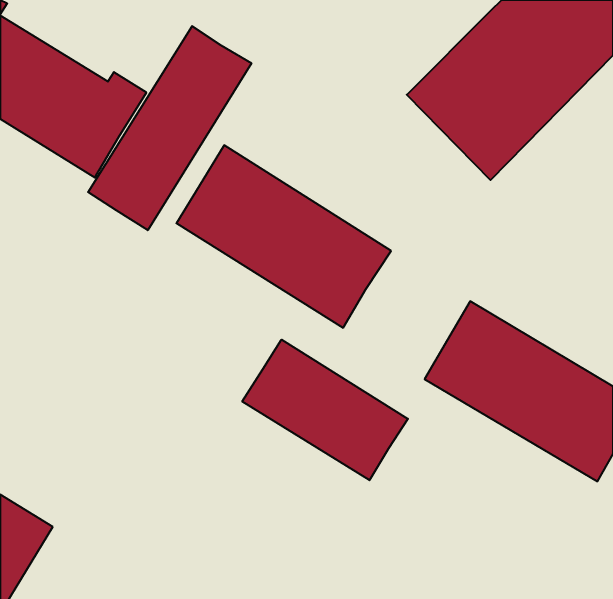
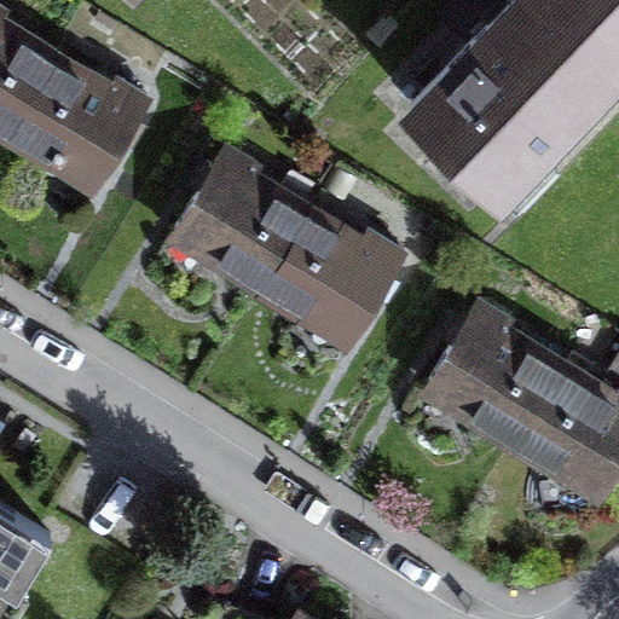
building: [88,26,251,230] -> none
building: [242,340,408,480] -> none

